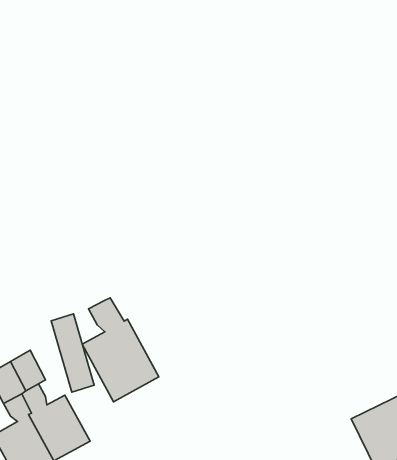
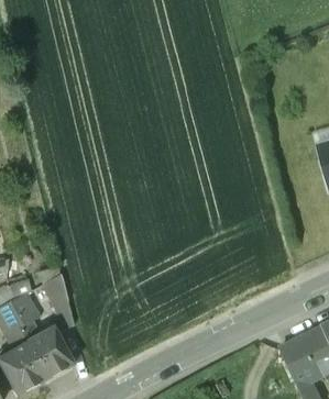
building: [82,298,159,402] -> none

